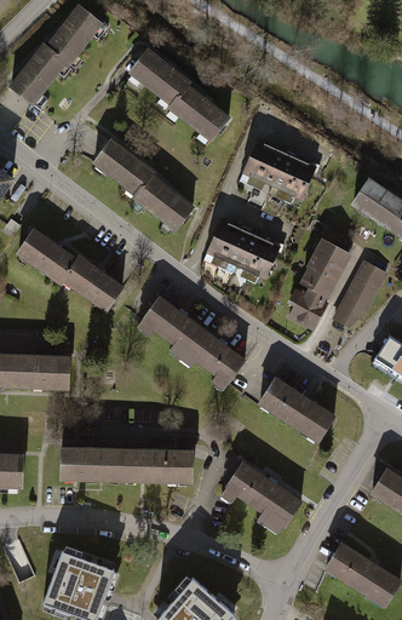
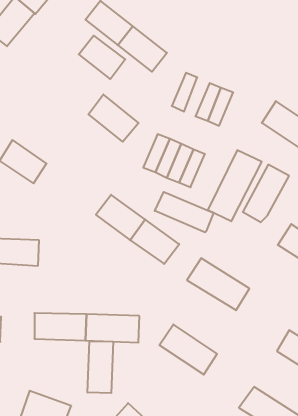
building: [92,138,151,194] -> [79,36,125,79]
building: [254,147,287,196] -> none
building: [62,257,126,314] -> none
building: none -> [155,192,213,232]
building: none -> [88,341,113,393]

